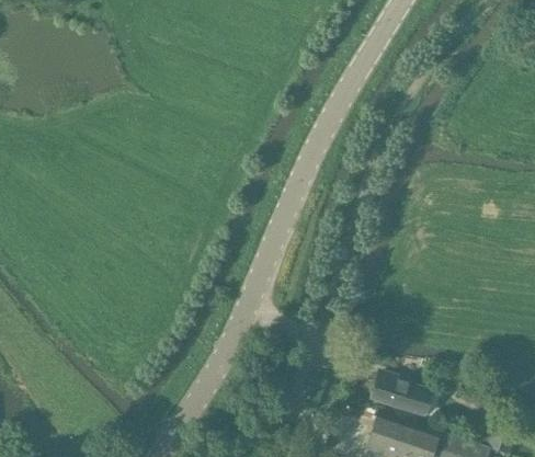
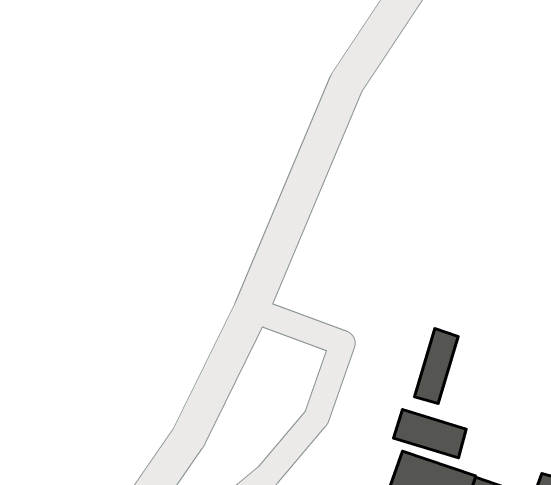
building: none -> [414,329,458,403]

